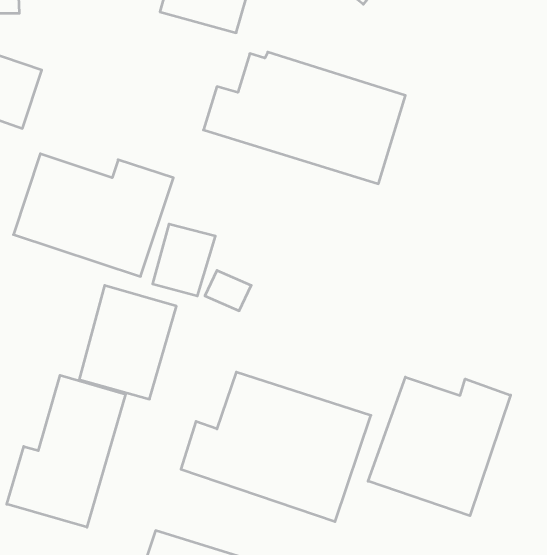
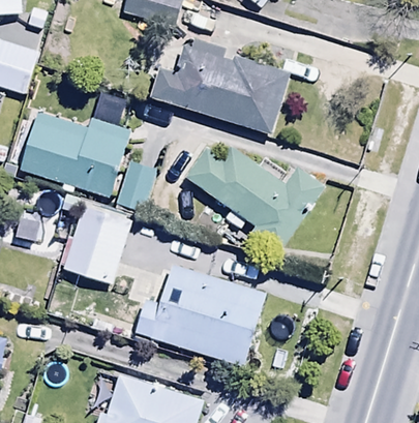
building: none -> [185,147,324,253]
building: [7,375,126,527] -> none
building: [368,377,511,516] -> none

